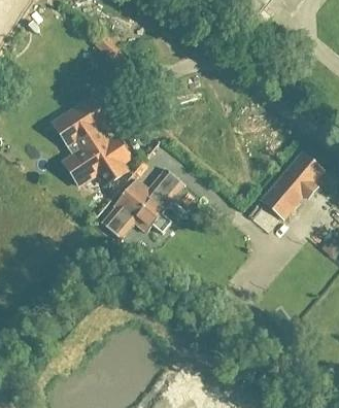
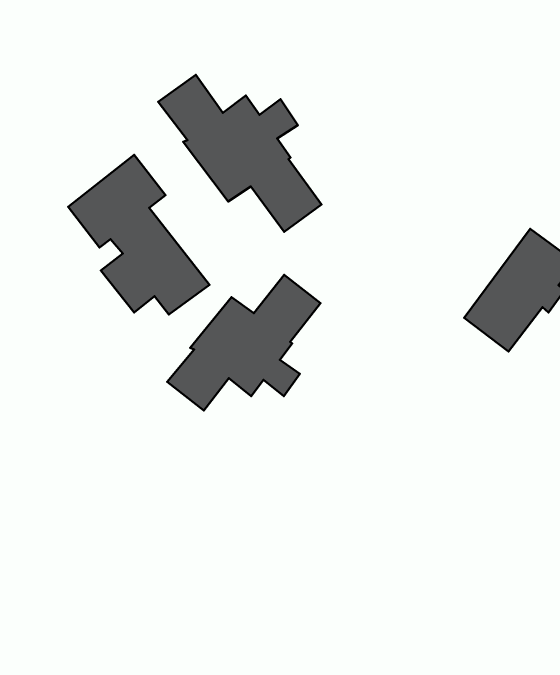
building: none -> [158,75,322,232]

